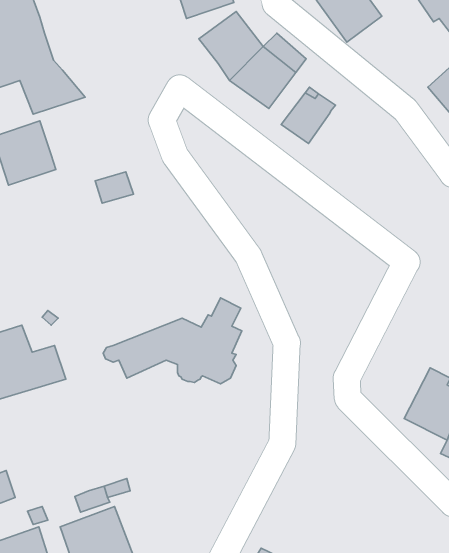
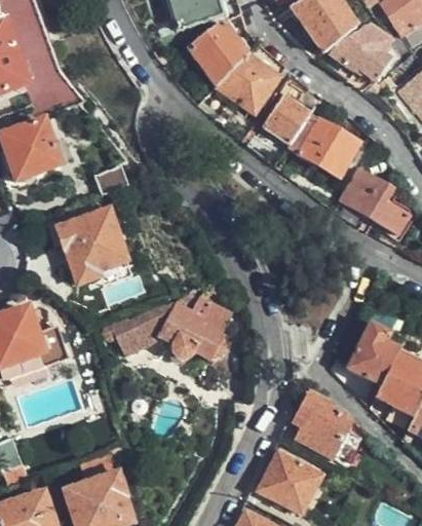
building: none -> [328,25,389,79]
building: none -> [287,115,358,175]
building: none -> [342,166,409,229]
building: none -> [54,210,128,285]
building: none -> [348,323,404,383]
building: none -> [293,392,348,455]
building: none -> [257,451,319,511]

